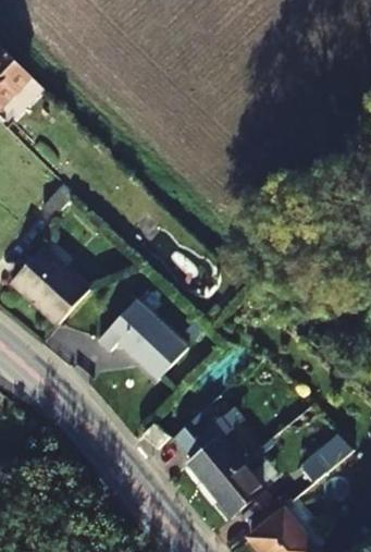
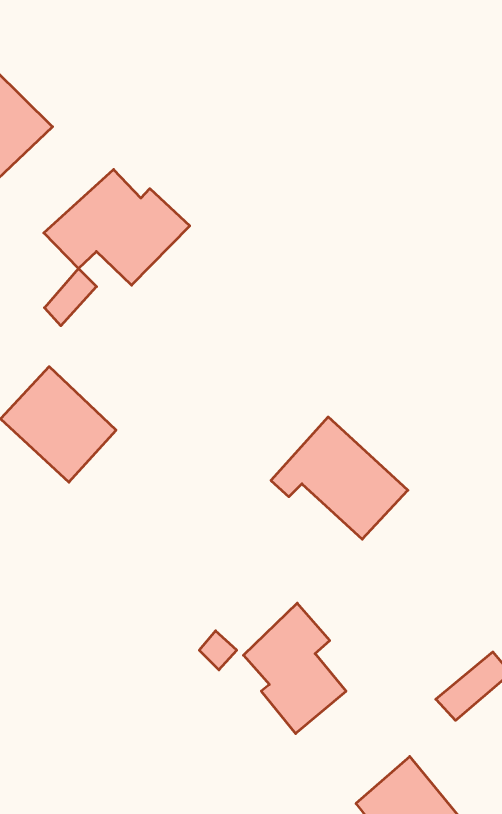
building: none -> [44,169,190,285]
building: [96,299,187,381] -> [271,417,408,539]
building: [208,452,264,519] -> none

